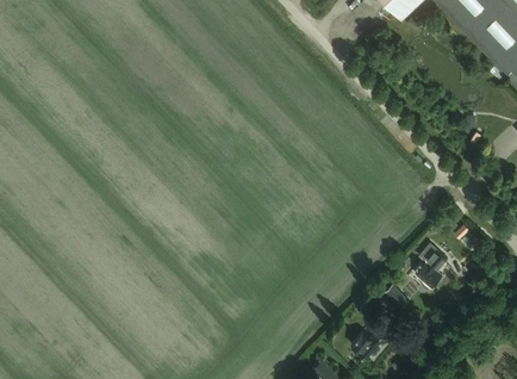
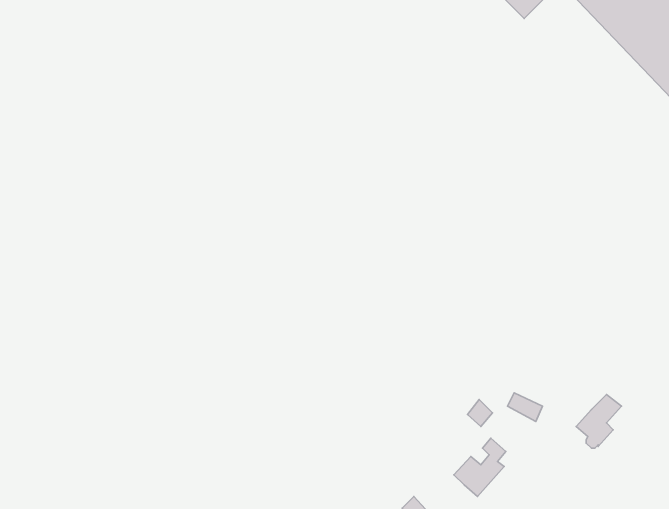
building: [416,249,448,287] -> [576,395,621,448]

